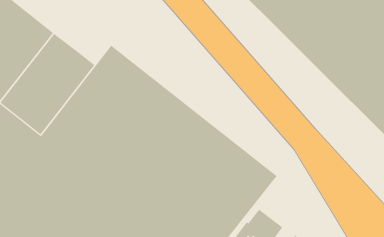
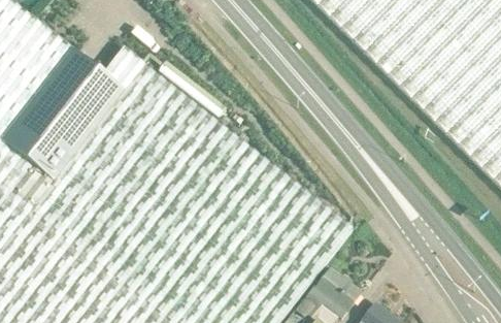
building: none -> [104,45,142,86]

